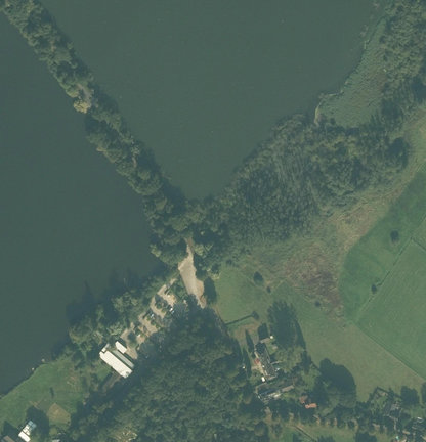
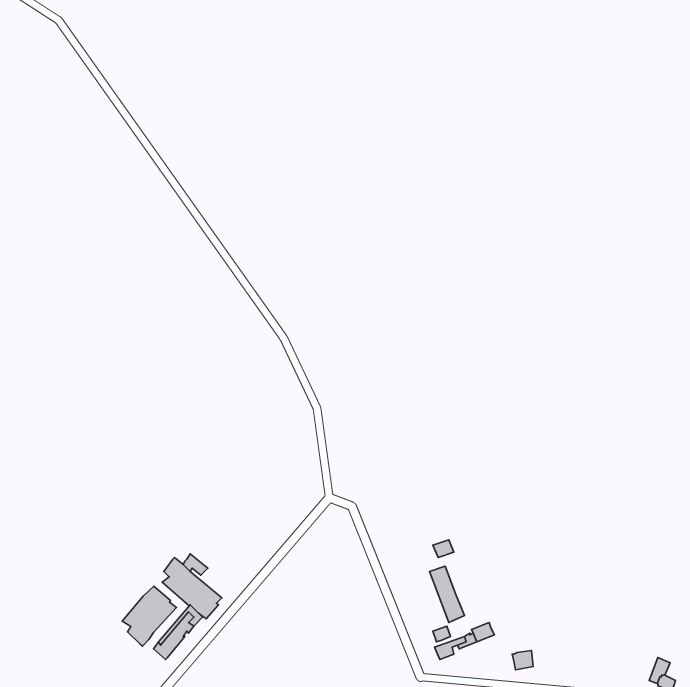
building: none -> [122,586,176,646]

